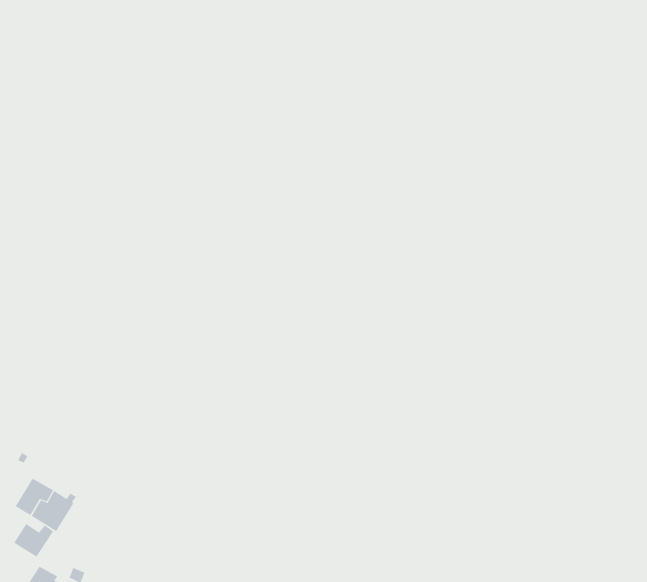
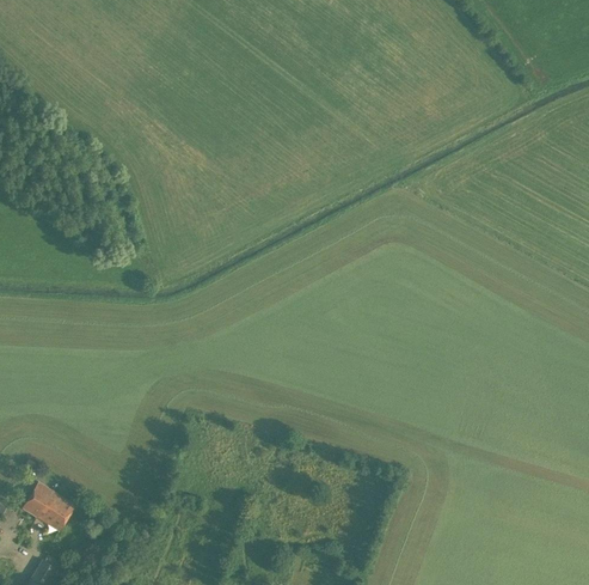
building: [13,523,54,557] -> none

